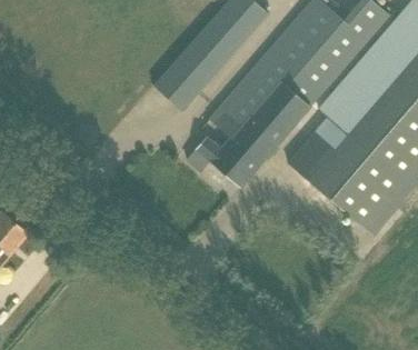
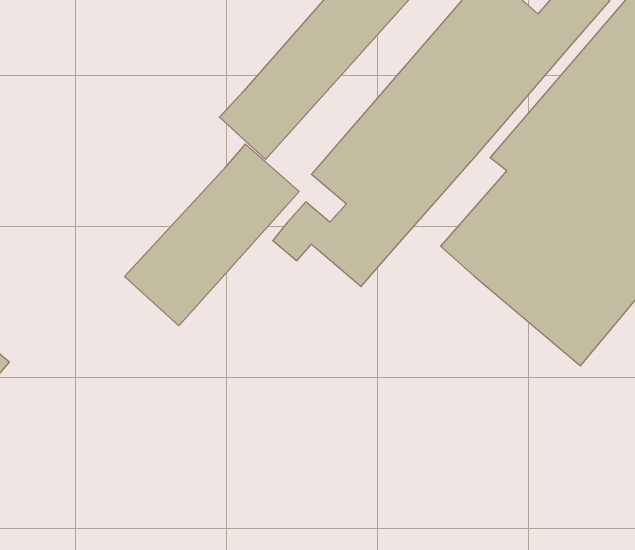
building: none -> [125,144,299,326]

